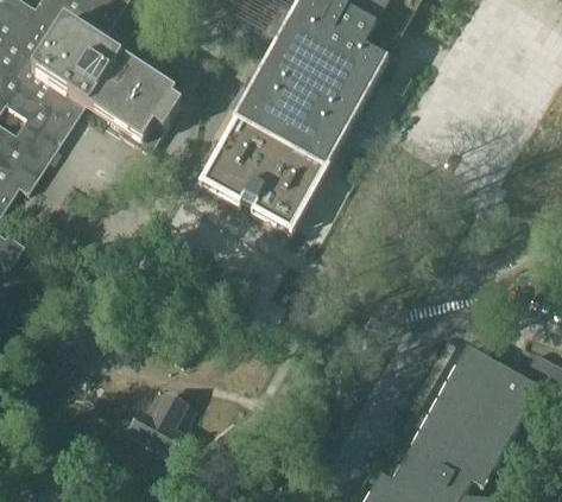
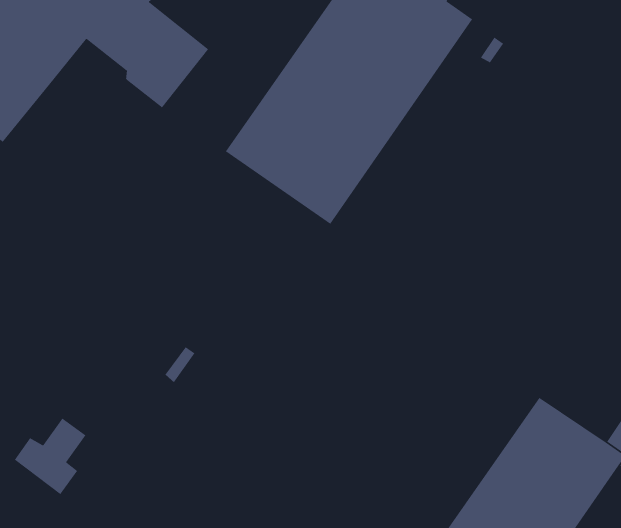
building: [130,394,184,455] -> [14,417,86,495]

